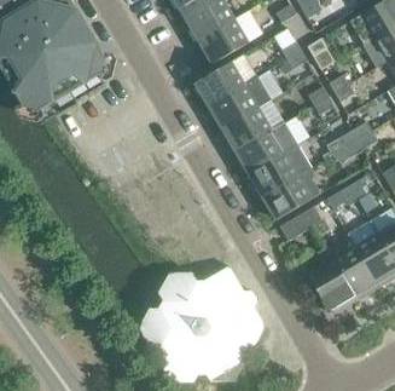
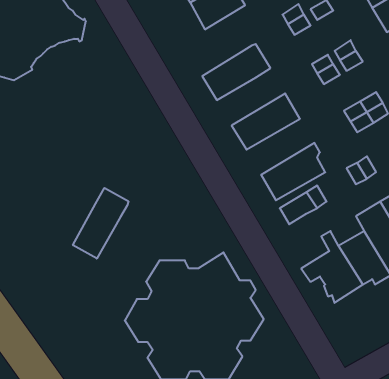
building: [194,62,244,107] -> none
building: [222,108,272,151] -> none
building: [249,145,310,196] -> none
building: none -> [73,188,128,259]

